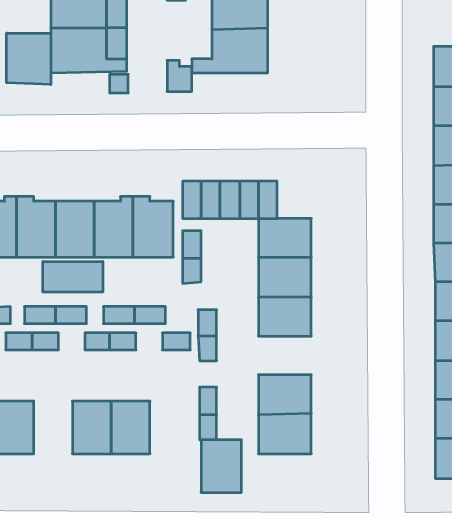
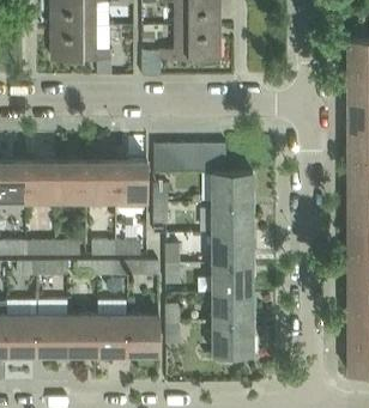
building: [7,33,51,85] -> none
building: [43,261,103,292] -> none
building: none -> [212,264,253,294]
building: none -> [38,315,68,355]
building: [201,440,241,492] -> [128,315,159,355]

